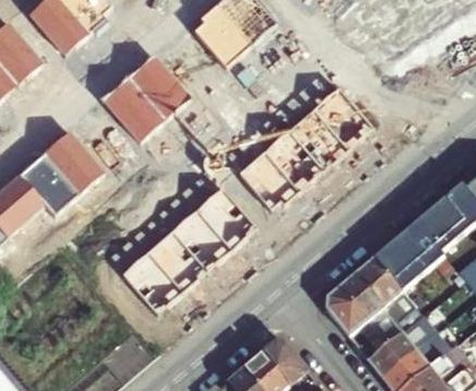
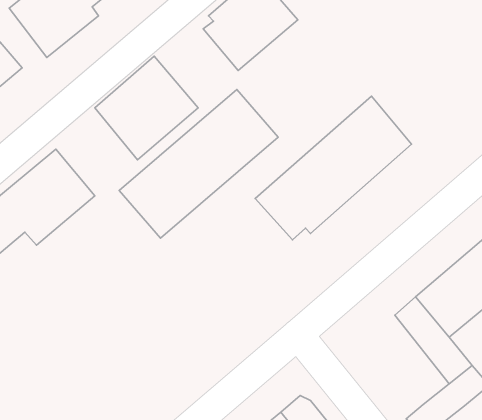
building: [121,188,255,313] -> [119,89,278,238]
building: [325,272,402,347] -> none

